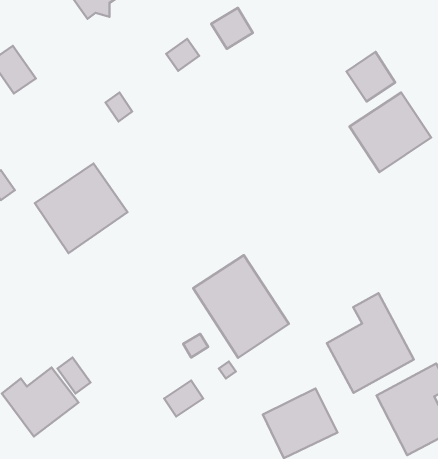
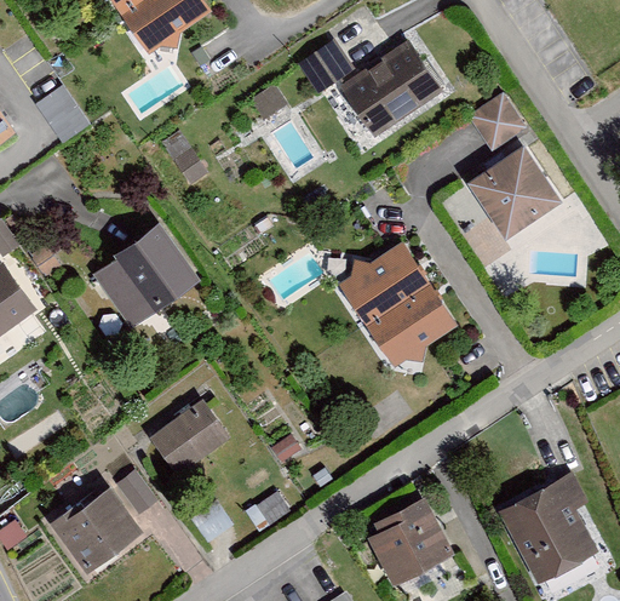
building: none -> [339,41,441,138]
building: [193,255,289,358] -> [339,244,455,368]
building: [327,293,414,393] -> none
building: none -> [145,402,228,481]

